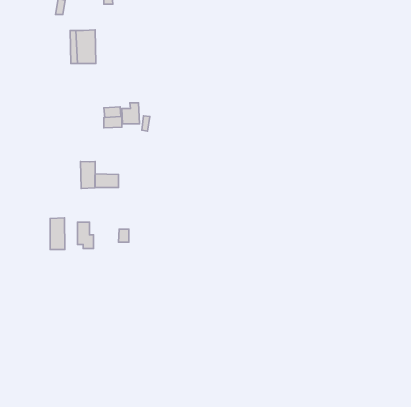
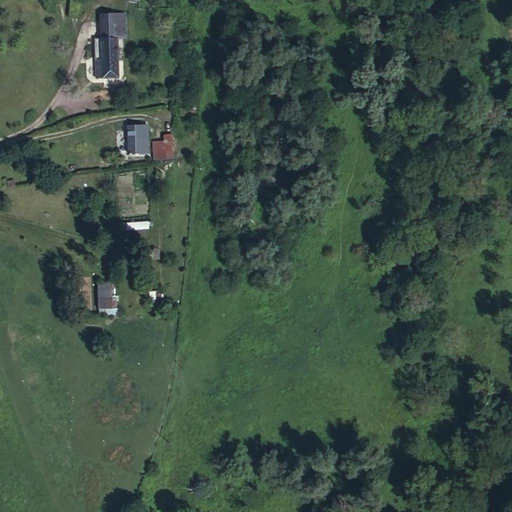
building: none -> [102,11,132,38]
building: [81,161,95,188] -> none
building: [50,218,65,250] -> none

